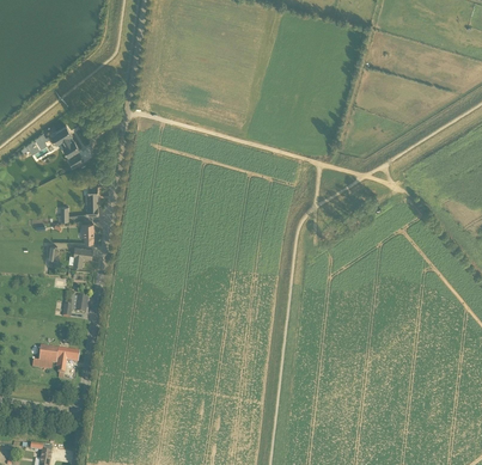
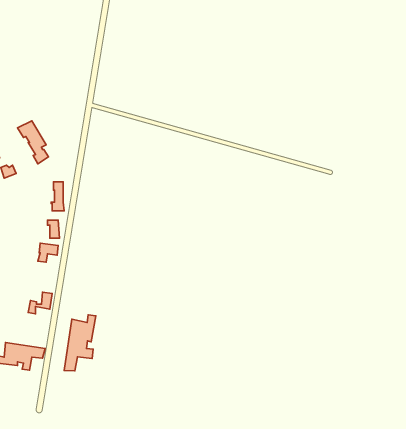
building: none -> [64,315,96,371]

